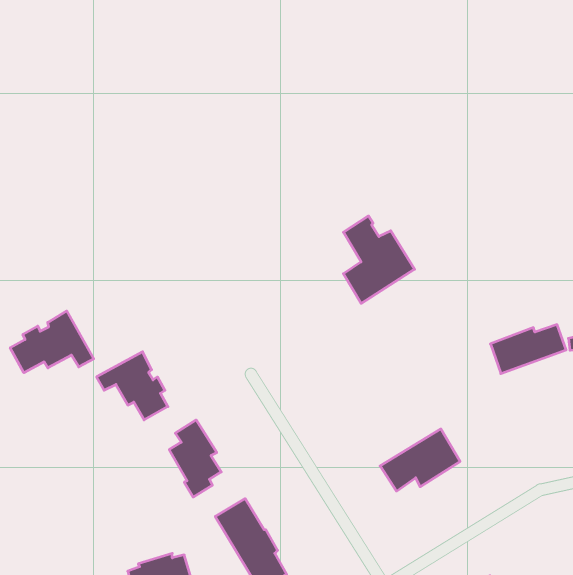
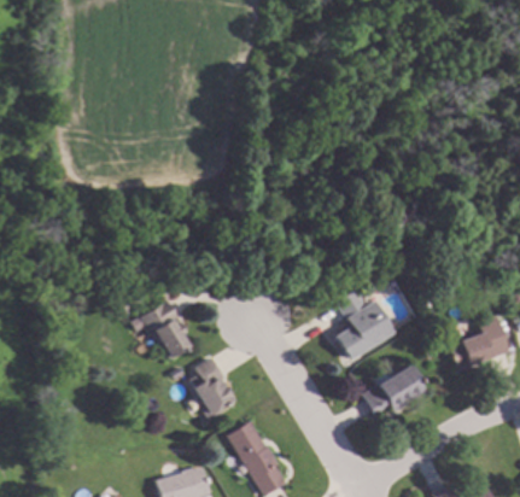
building: [343,216,415,303] -> [335,288,393,359]
building: [10,311,94,373] -> none
building: [490,325,566,374] -> [449,331,510,370]

